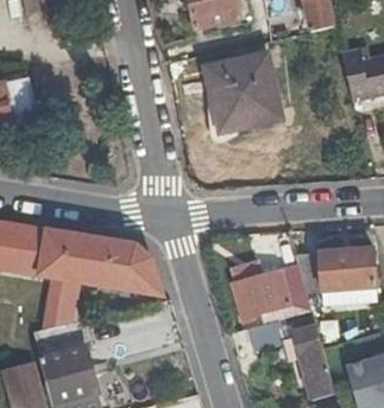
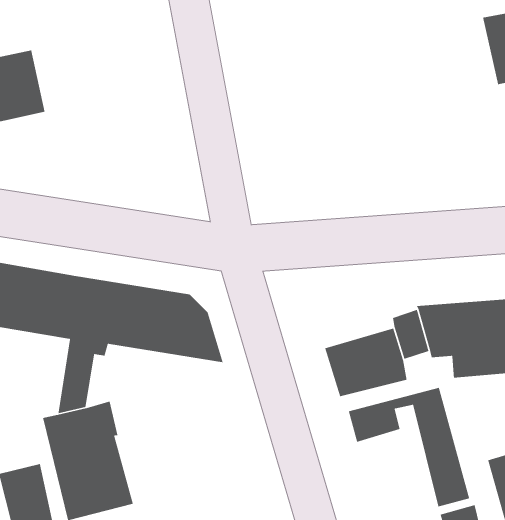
building: [207,52,282,130] -> none

